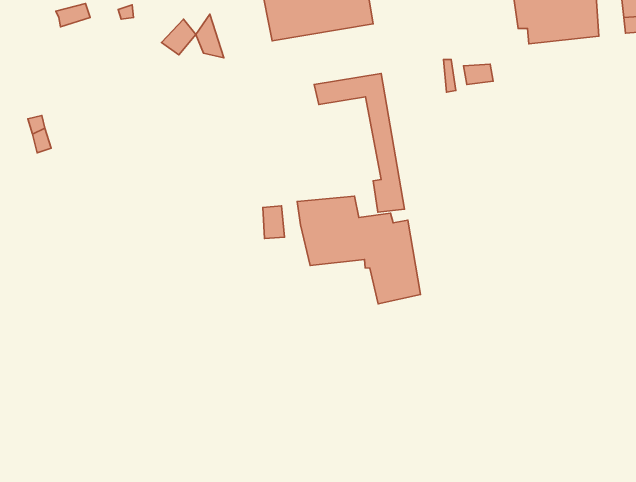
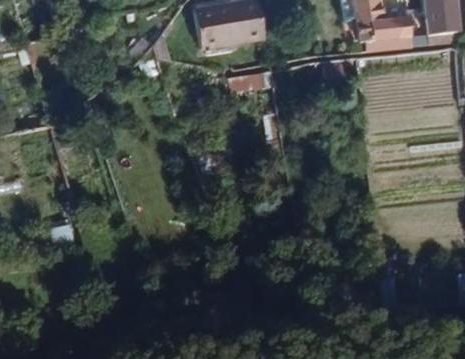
building: [297,196,421,304] -> none

